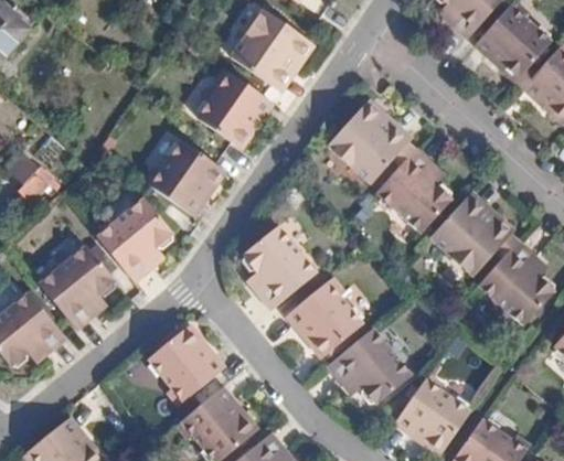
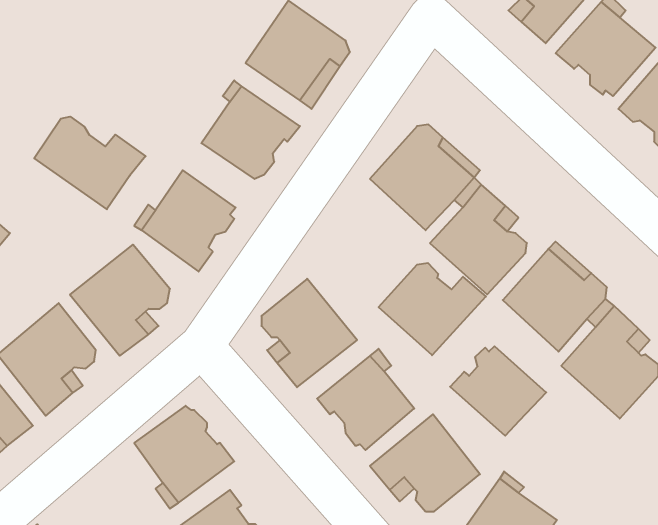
building: none -> [34,117,146,209]
building: none -> [379,263,486,355]
building: none -> [450,346,546,436]

